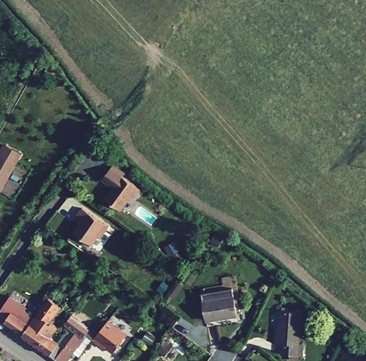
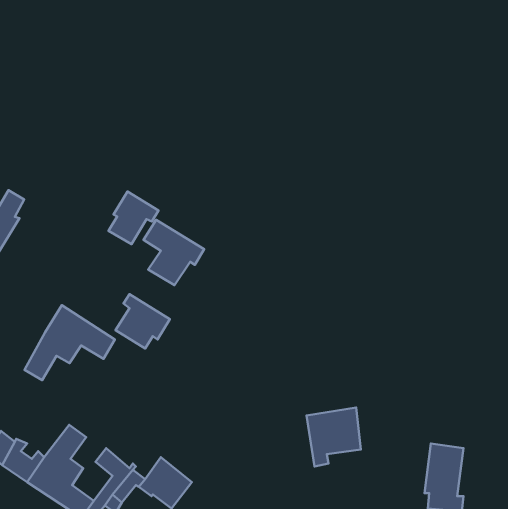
building: none -> [109,192,158,244]
building: none -> [24,305,115,380]

